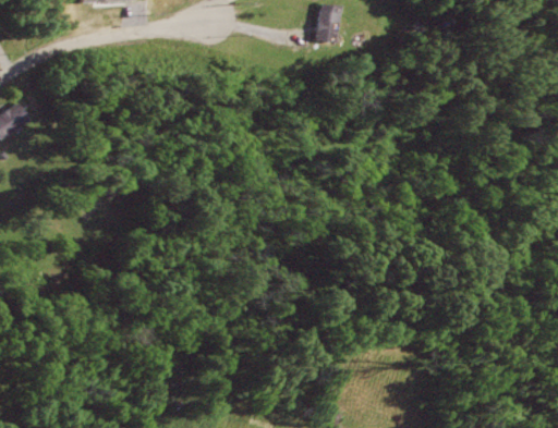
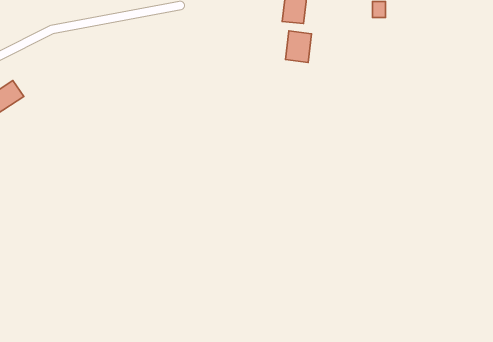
building: none -> [285,31,312,63]

